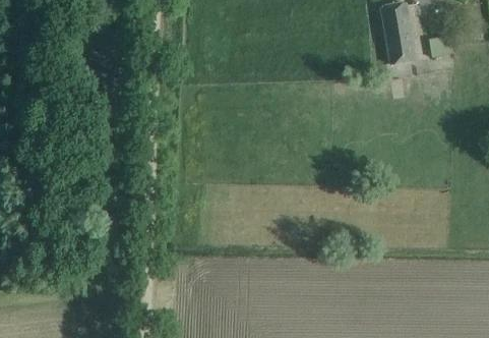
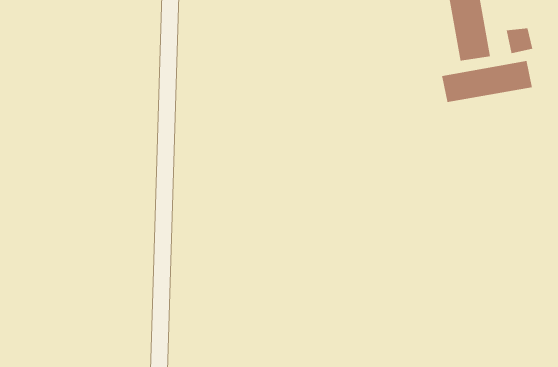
building: none -> [442,60,533,103]

